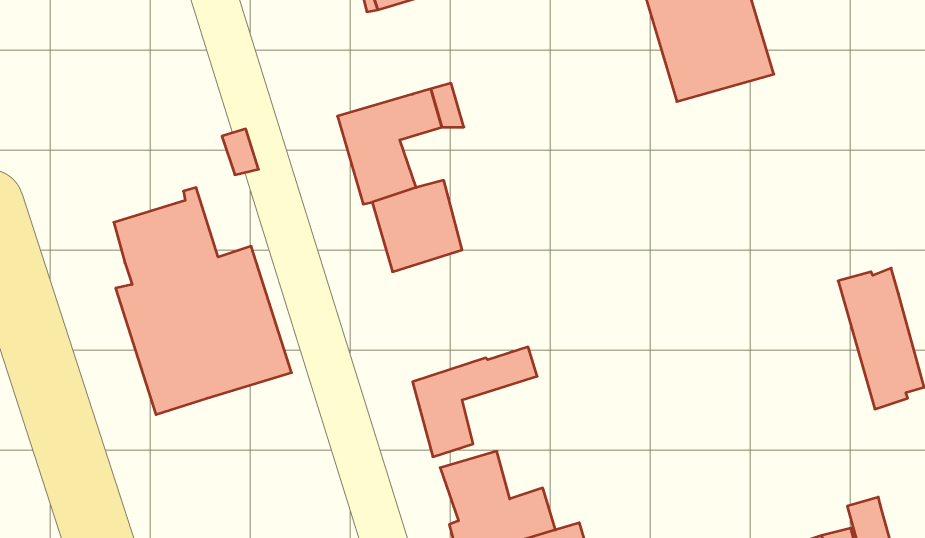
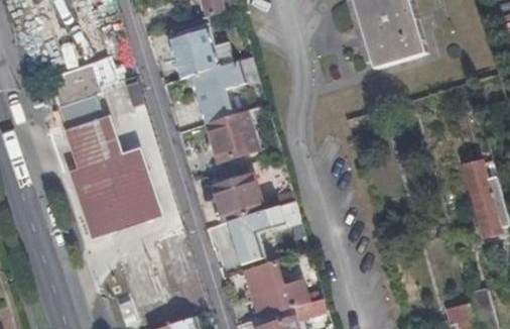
building: none -> [167,23,228,78]
building: none -> [49,64,103,134]
building: none -> [213,176,291,225]

